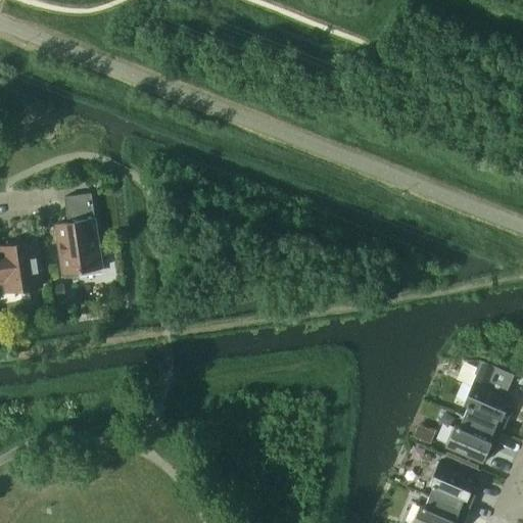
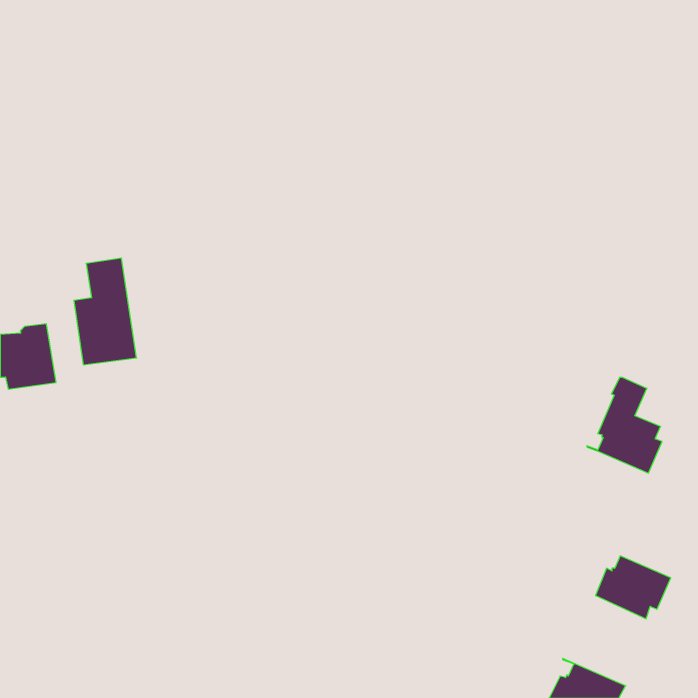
building: [456,361,512,432] -> [587,377,662,473]
building: [421,462,477,513] -> none

